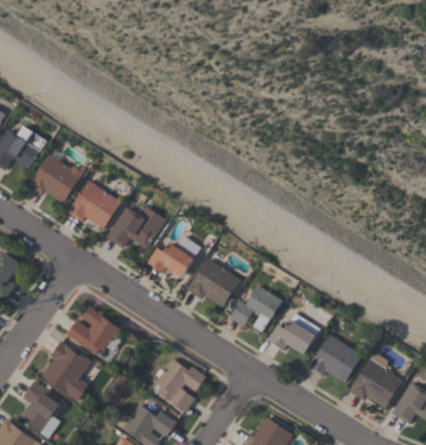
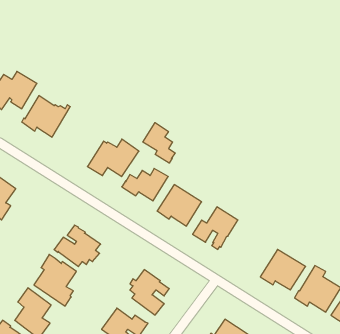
building: [68,180,122,229] -> none
building: none -> [143,123,175,163]
building: [267,313,320,355] -> none

